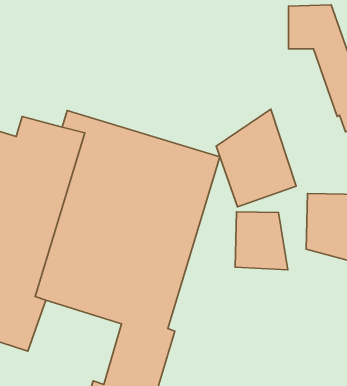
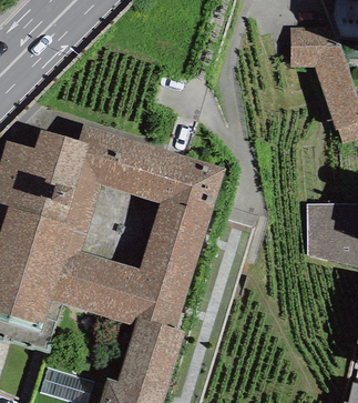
building: [216,109,296,207] -> none
building: [235,212,288,270] -> none

